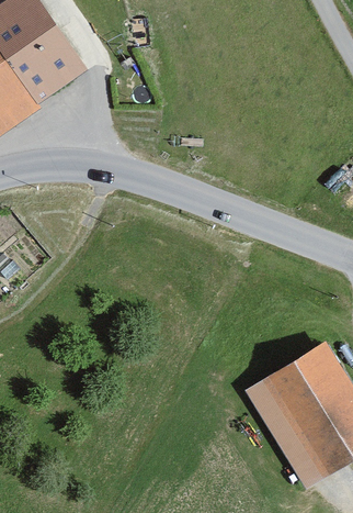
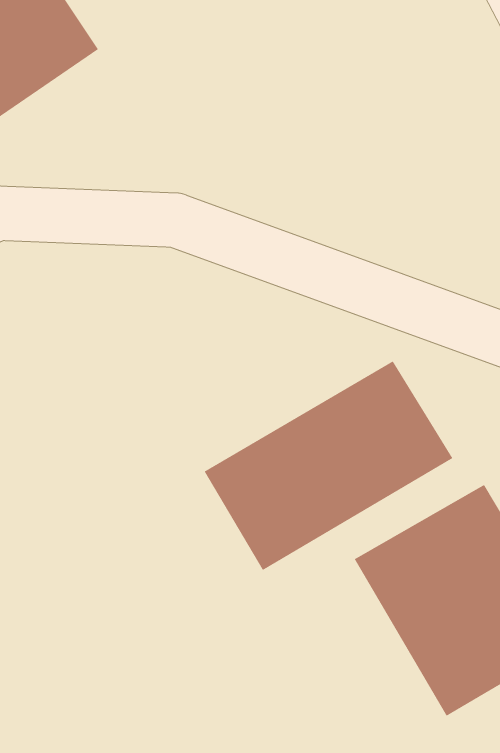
building: none -> [204,361,453,571]

